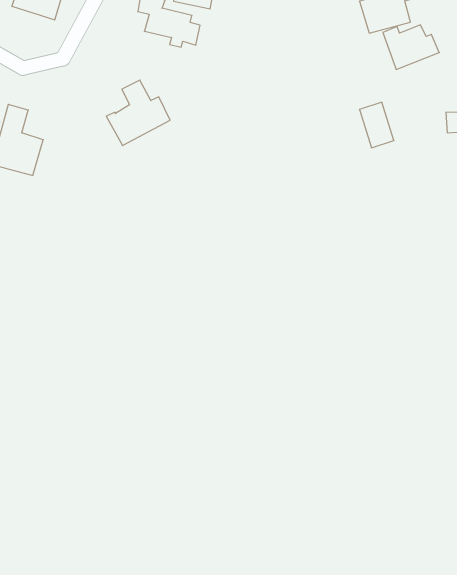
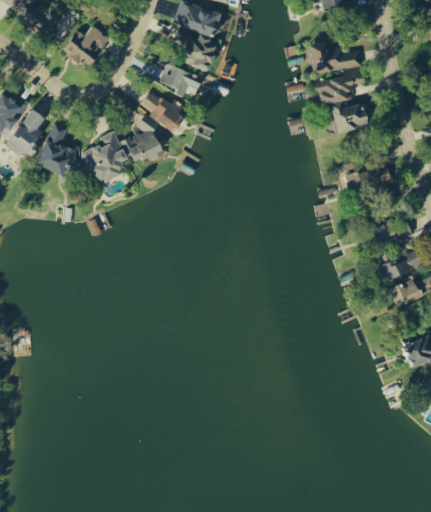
building: none -> [137,91,186,131]
building: [359,102,394,148] -> [341,162,363,194]
building: none -> [79,131,127,184]

